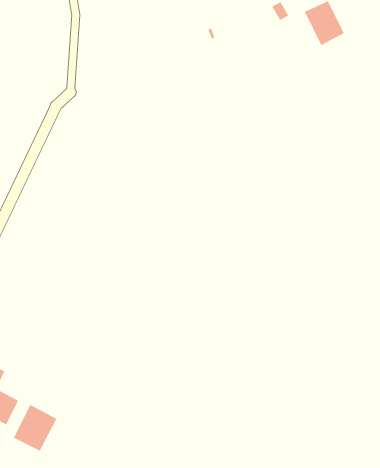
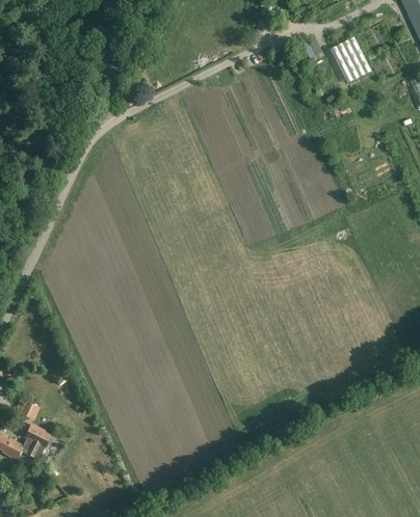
building: [13,404,58,452] -> none

